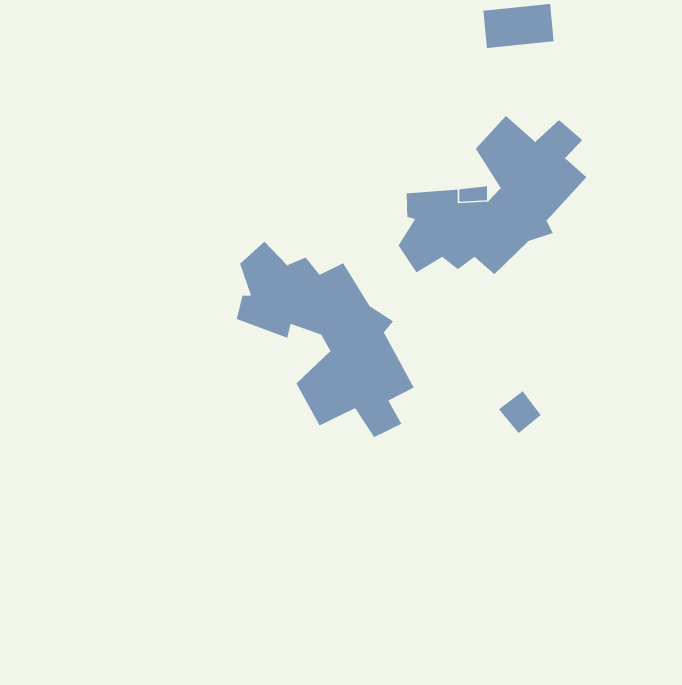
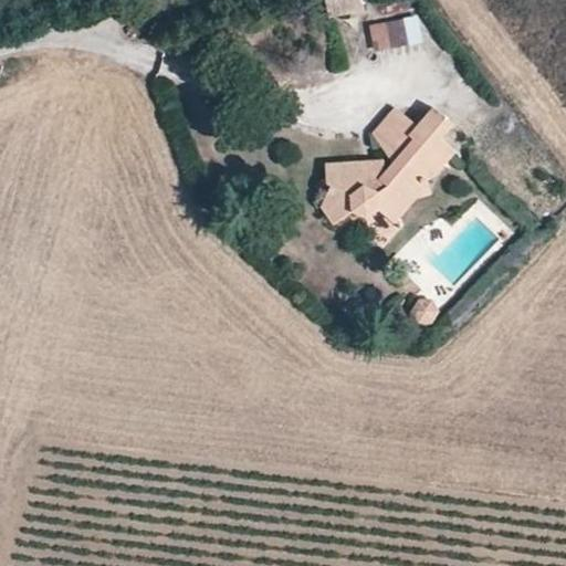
building: [236,241,415,438] -> none

